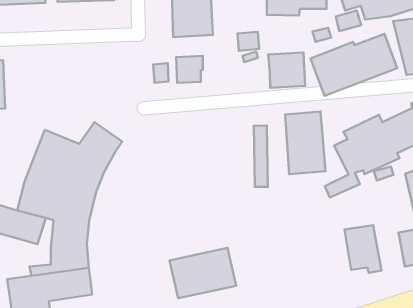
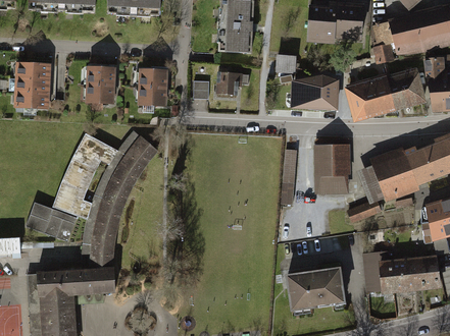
building: none -> [135,71,166,109]
building: none -> [86,66,116,111]
building: none -> [390,259,415,293]
building: [170,248,236,298] -> [284,268,345,312]

